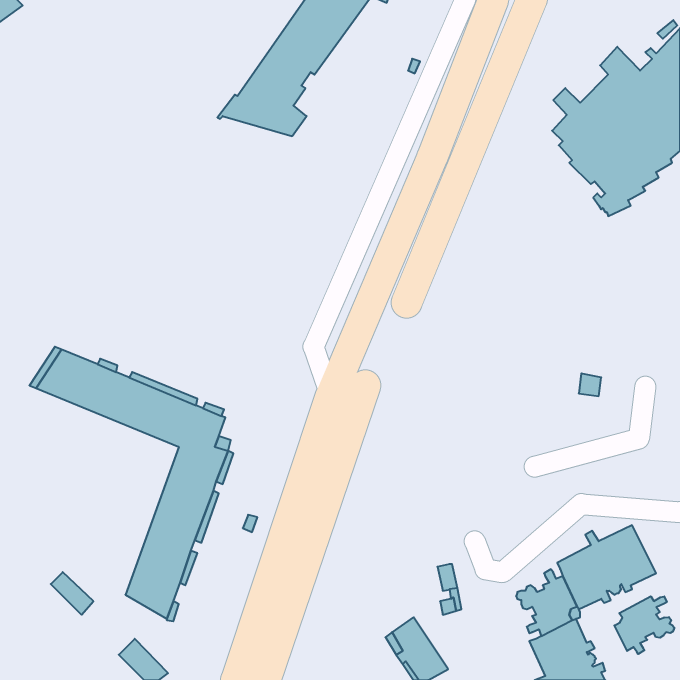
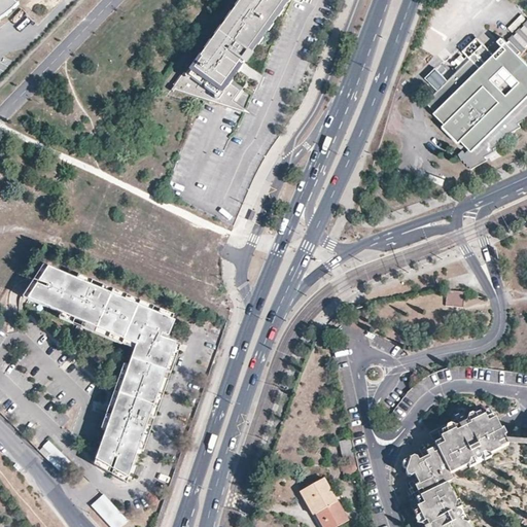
building: [614,596,675,654] -> none

